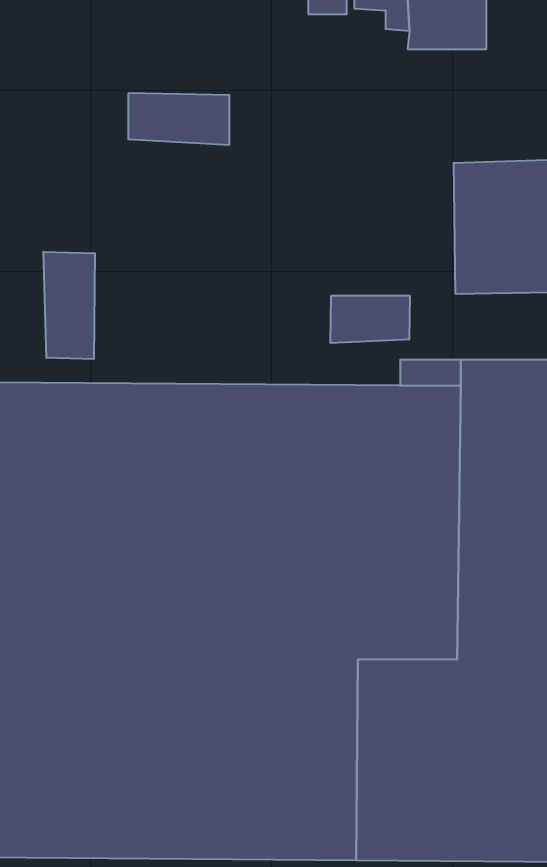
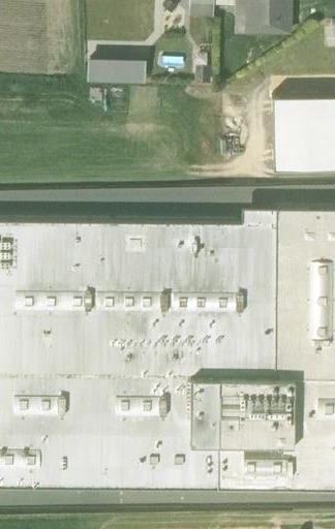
building: [43,252,95,359] -> none
building: [331,296,410,343] -> none

